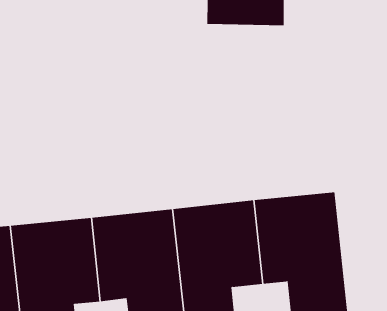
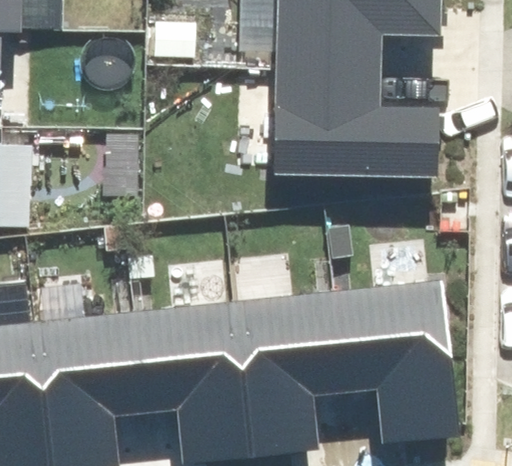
building: none -> [276,70,438,177]

